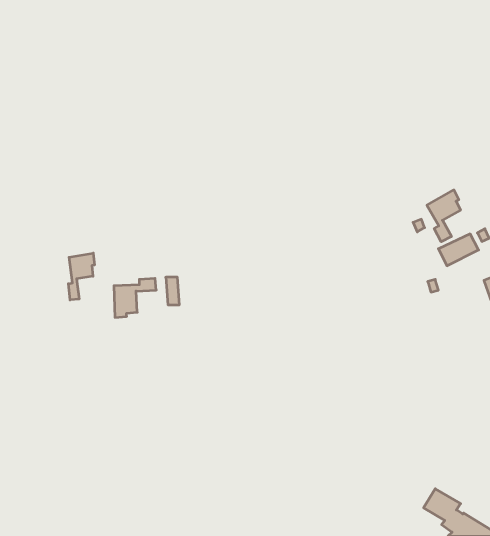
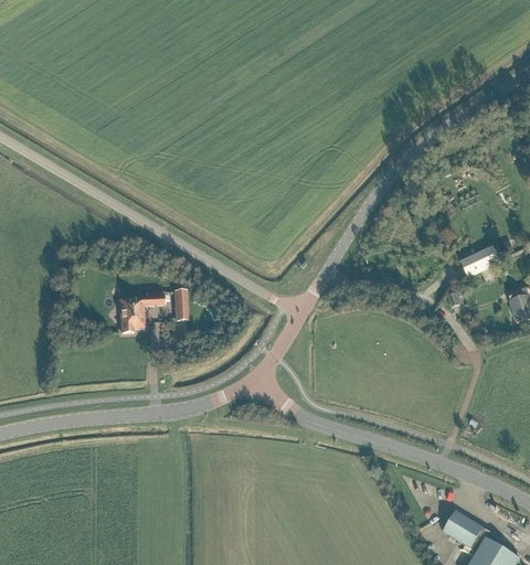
building: [427,190,460,242] -> none
building: [68,253,94,300] -> none

